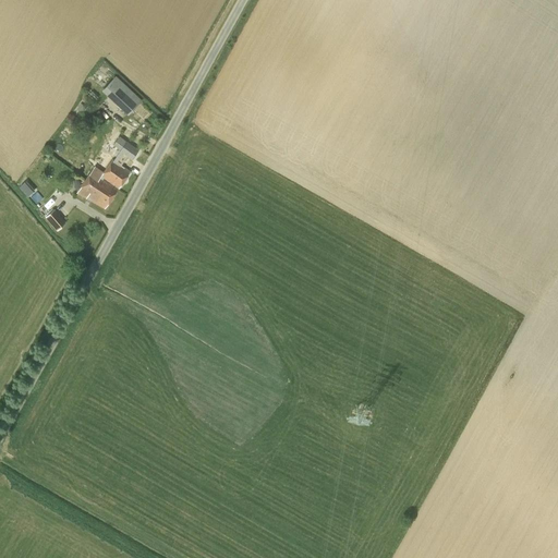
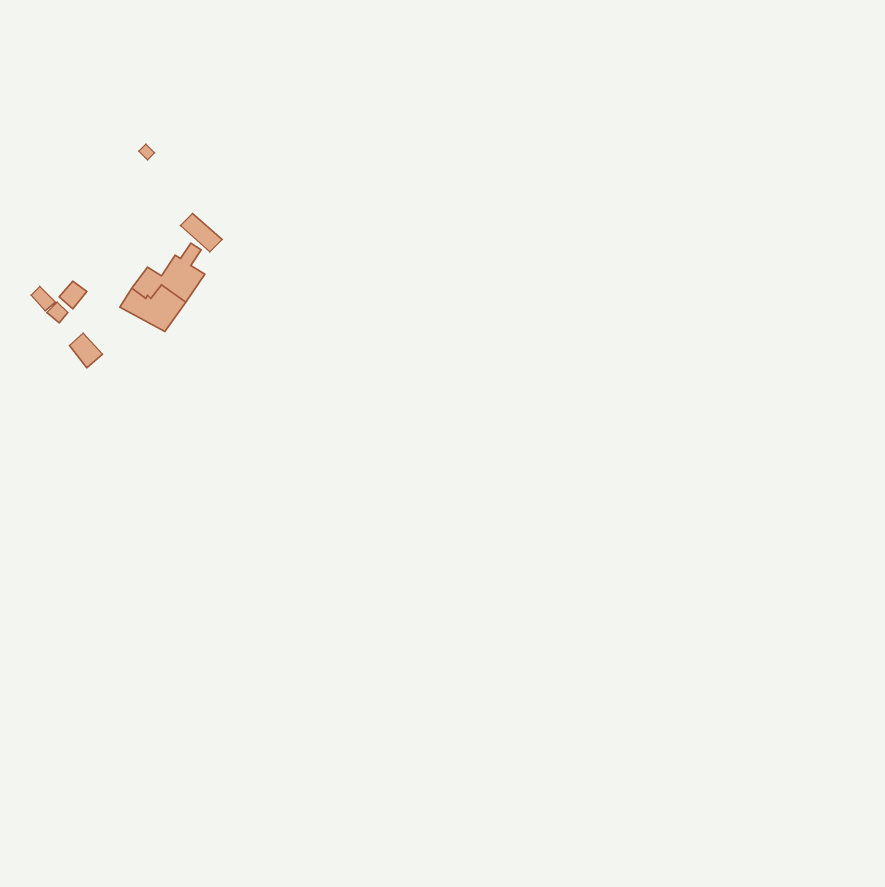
building: [100,75,141,114] -> none

